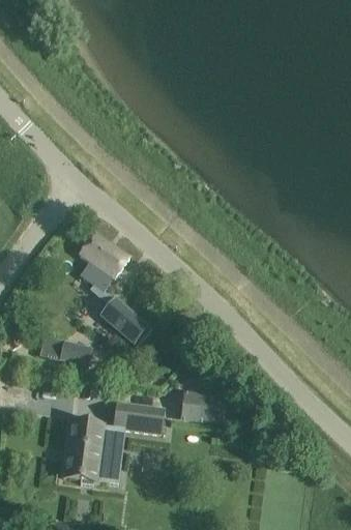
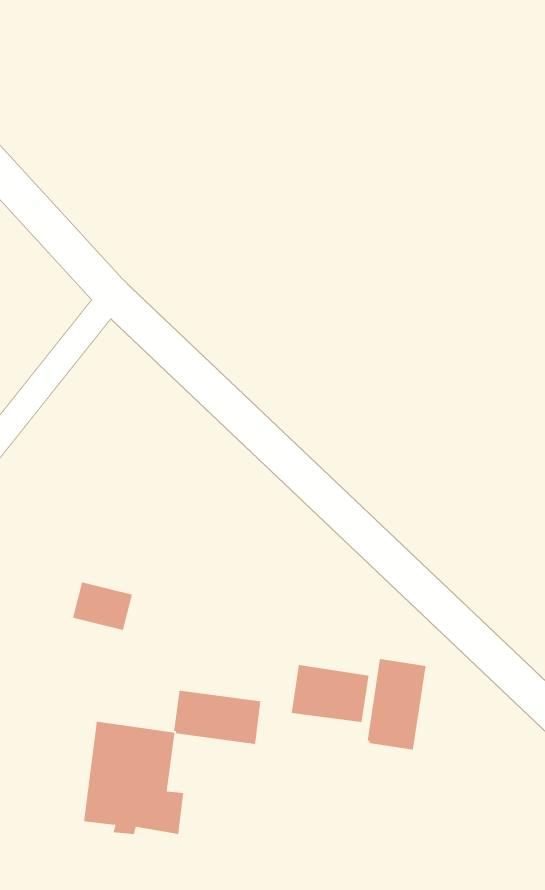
building: [79,232,149,345] -> none
building: none -> [367,658,427,751]

